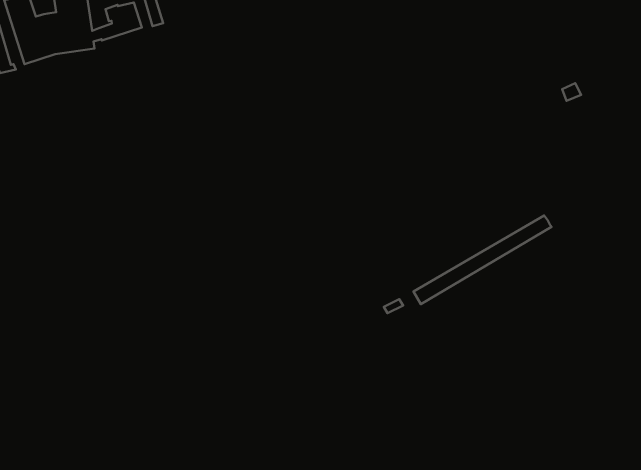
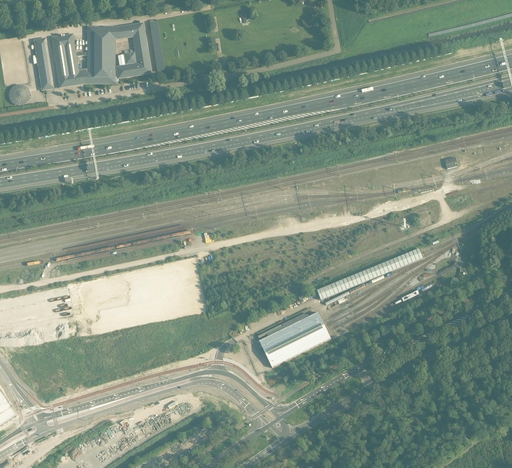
building: none -> [258,311,330,367]

